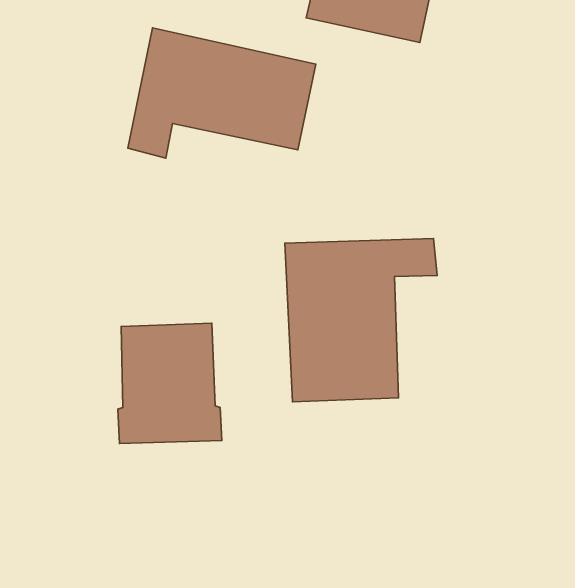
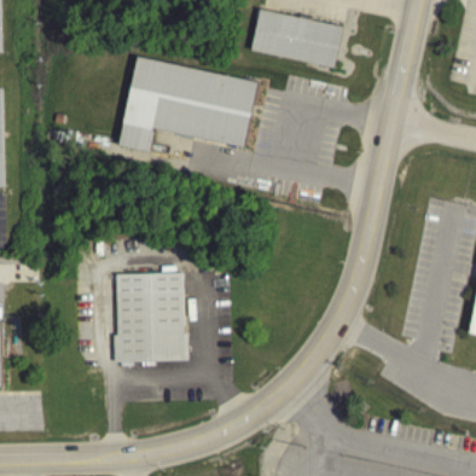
building: [285,239,437,402] -> none

